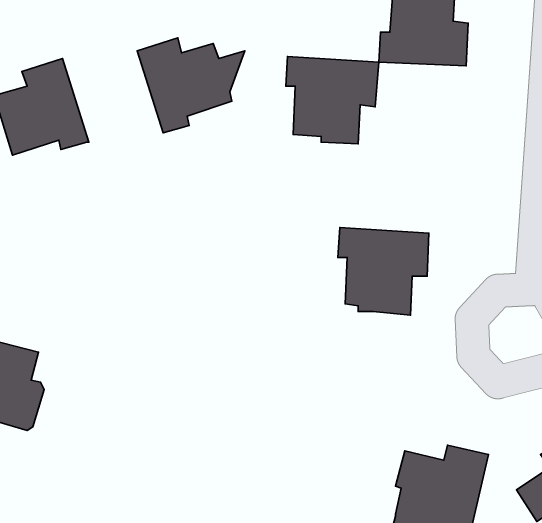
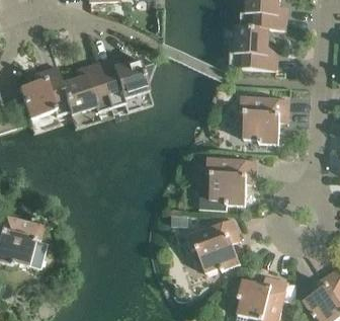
building: none -> [62,62,111,114]
building: [286,57,379,144] -> [240,96,290,144]
building: none -> [187,219,241,272]

